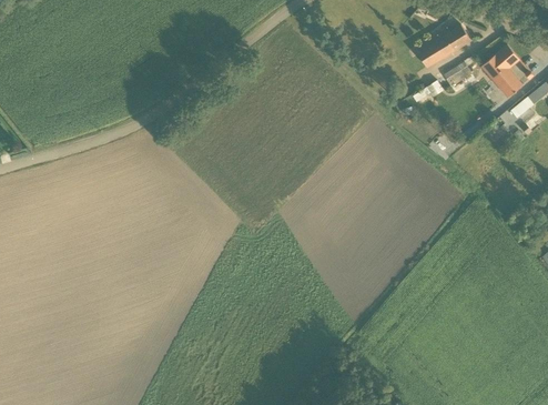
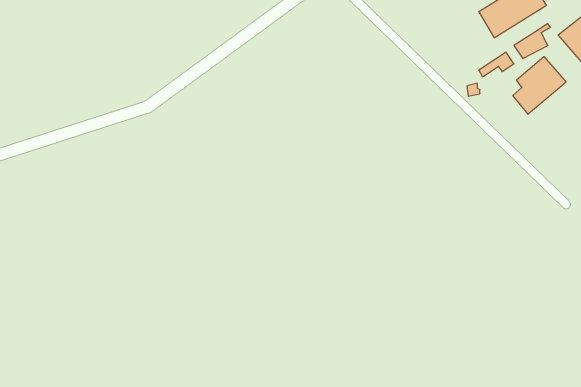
building: none -> [513,57,566,114]

